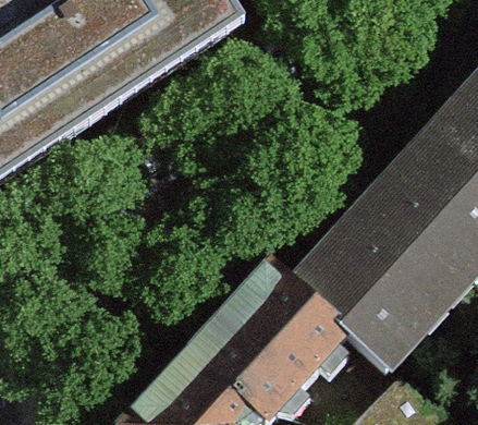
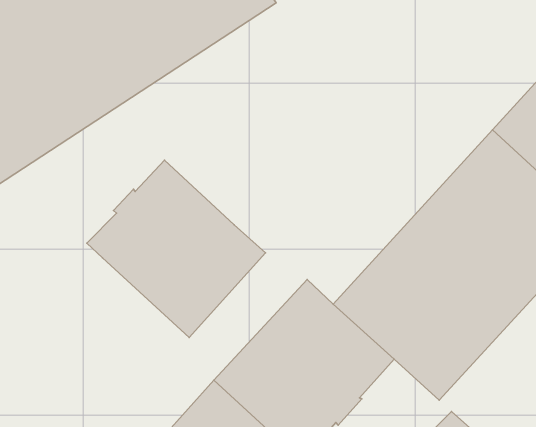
building: none -> [87,160,265,337]

